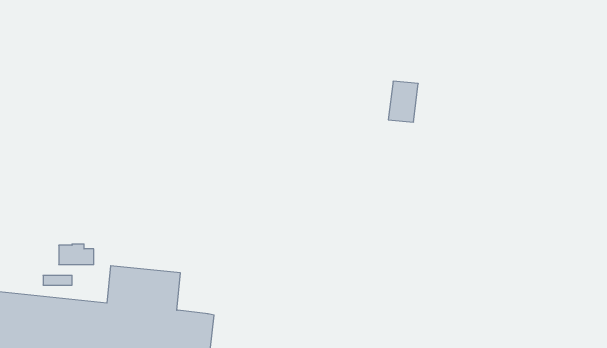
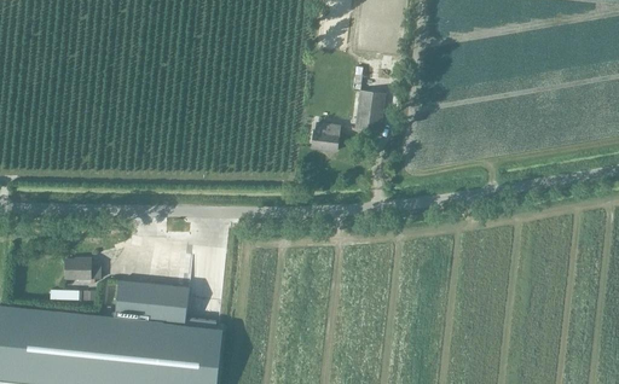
building: [388,81,418,122] -> [353,89,383,130]
building: none -> [310,122,339,151]

